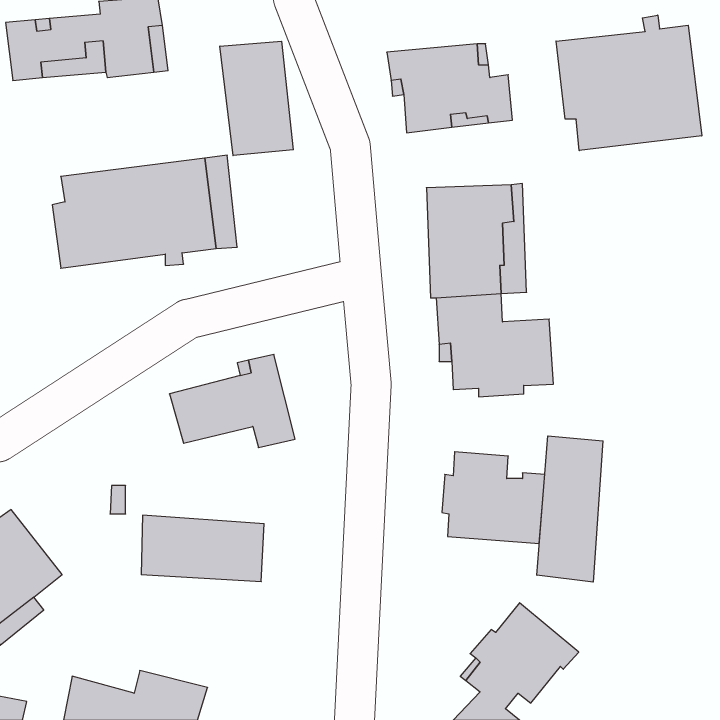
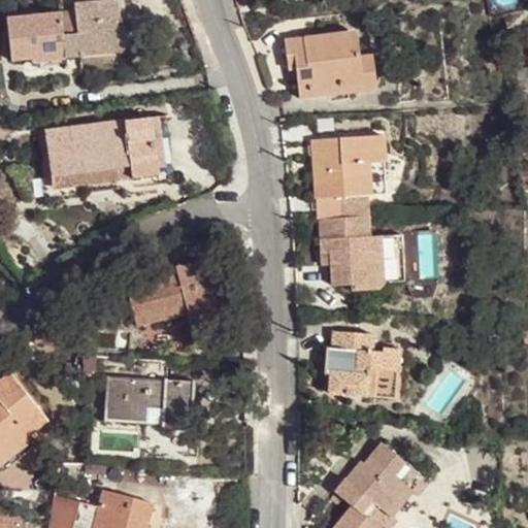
building: [556,15,702,151] -> none
building: [220,41,293,156] -> none
building: [537,436,603,582] -> none

